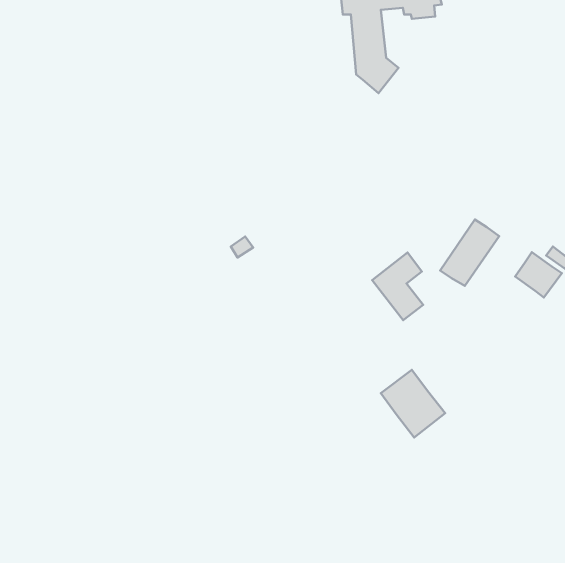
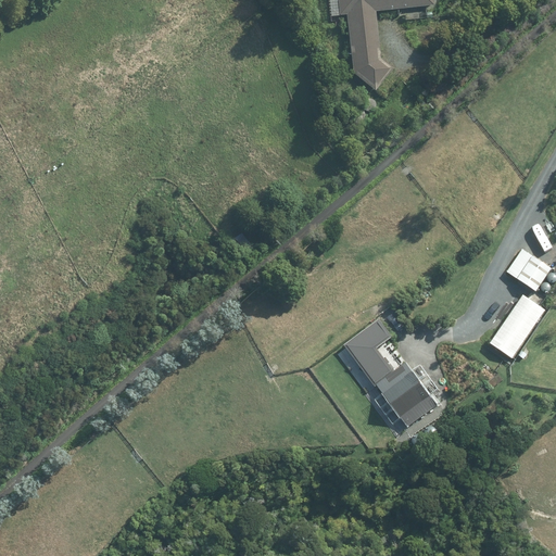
building: [440,219,499,286] -> [489,292,546,357]
building: [372,253,423,320] -> [343,317,393,383]

